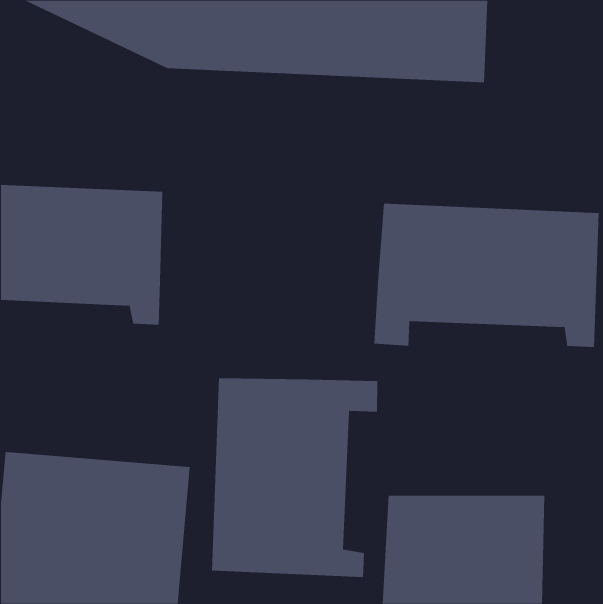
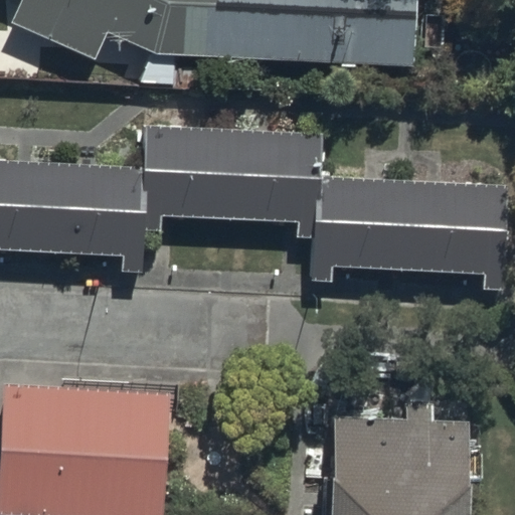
building: none -> [138,120,329,240]
building: [211,378,378,578] -> none

